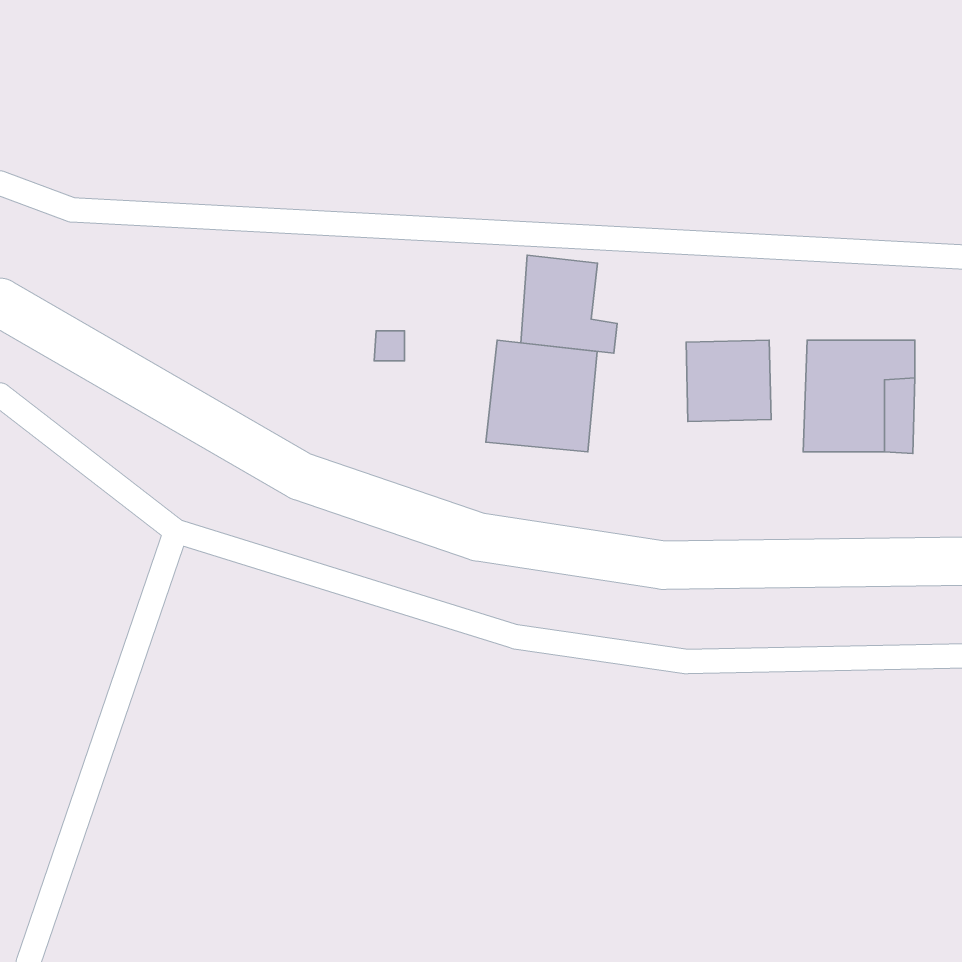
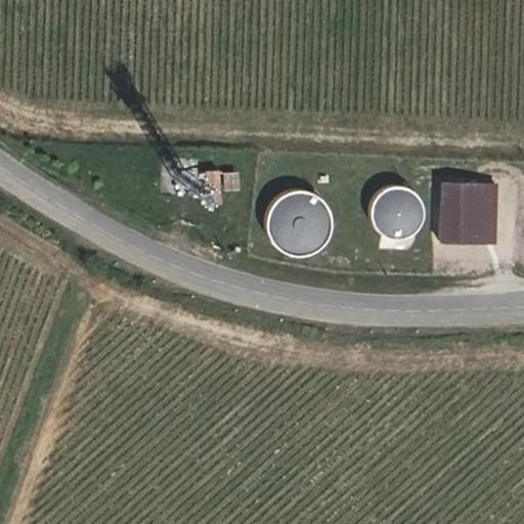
building: [521,255,617,353] -> none

